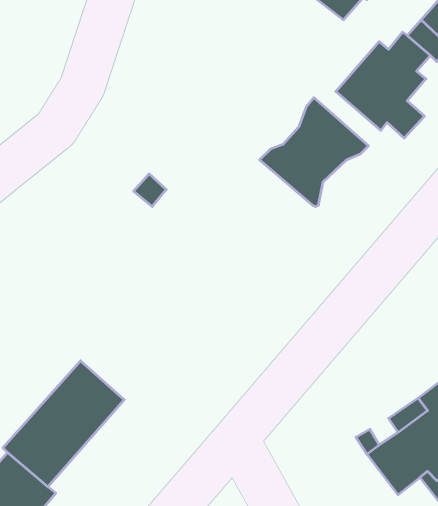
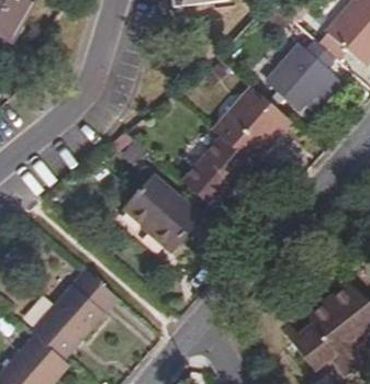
building: none -> [183,136,251,207]
building: none -> [127,176,202,250]

